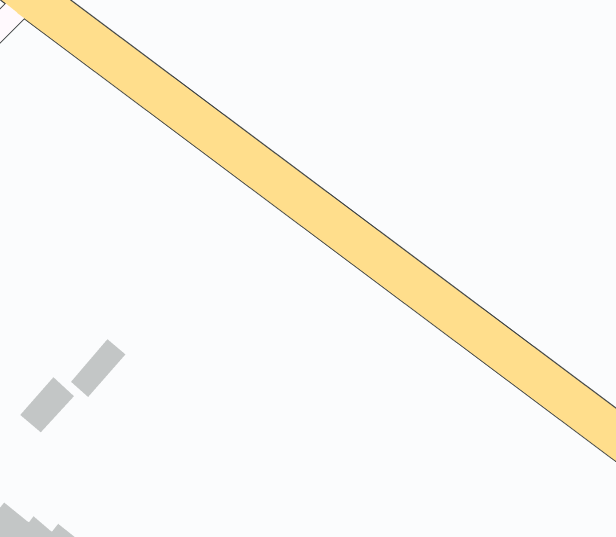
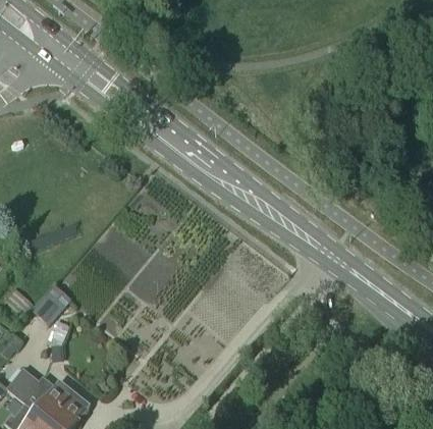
building: [70,338,127,398] -> none

